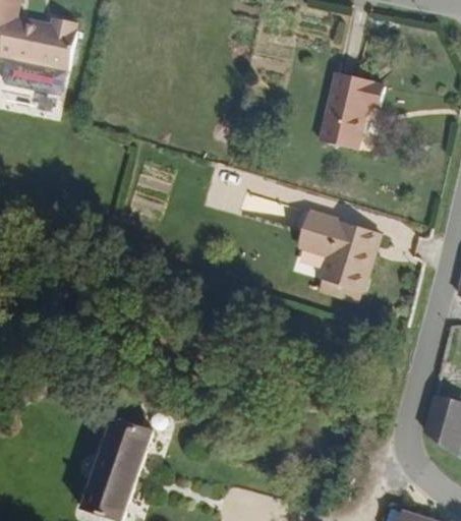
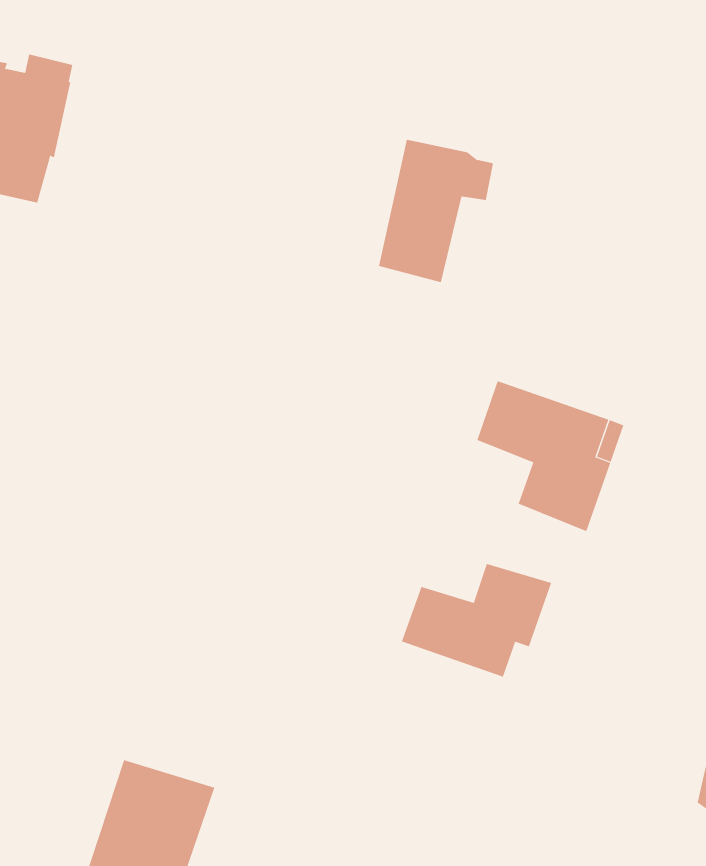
building: [323,71,386,150] -> [378,139,494,283]
building: none -> [401,563,552,677]

